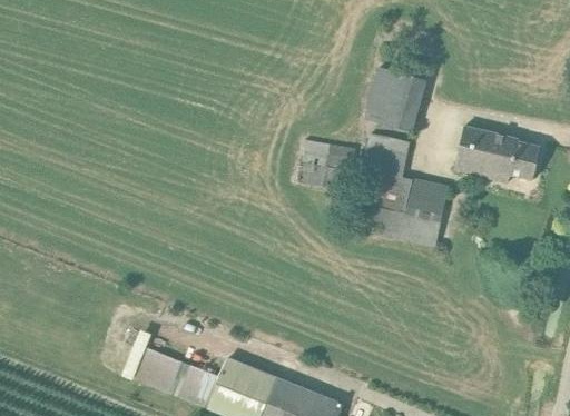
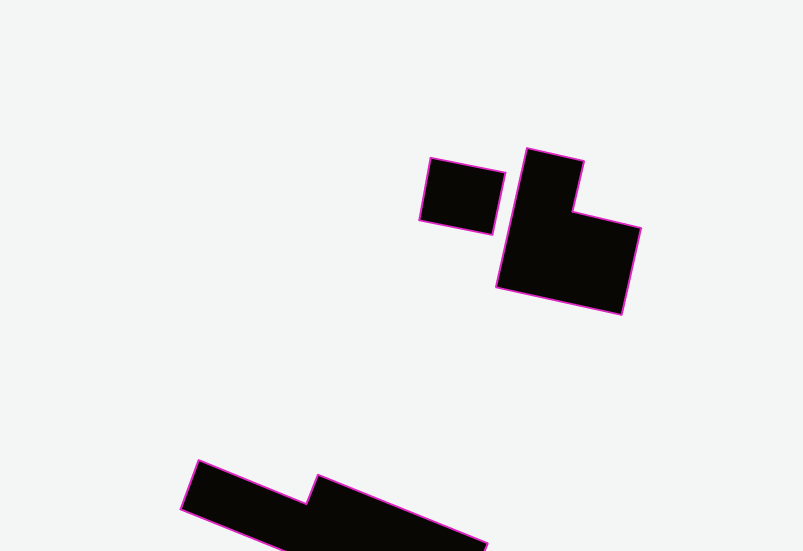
building: [364,70,419,131] -> none
building: [455,126,542,182] -> none

